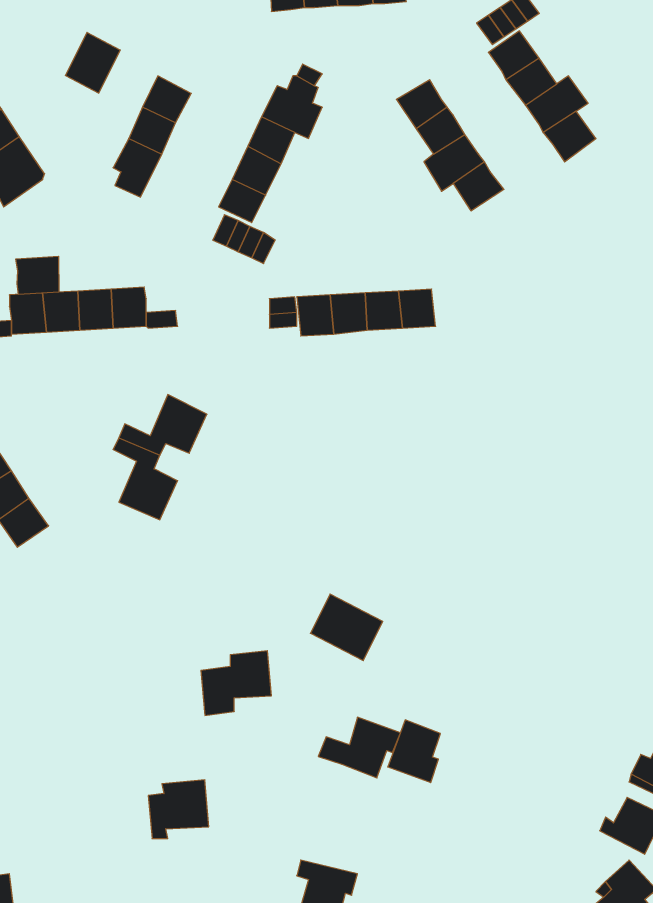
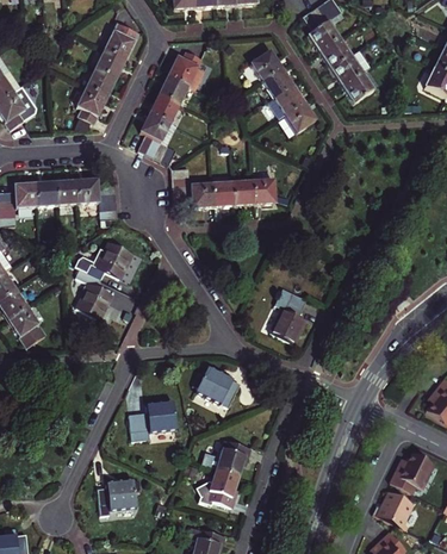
building: [65,32,120,93] -> [105,23,138,60]
building: [16,256,59,294] -> none
building: none -> [272,285,308,342]
building: [388,720,440,783] -> [206,468,238,506]

